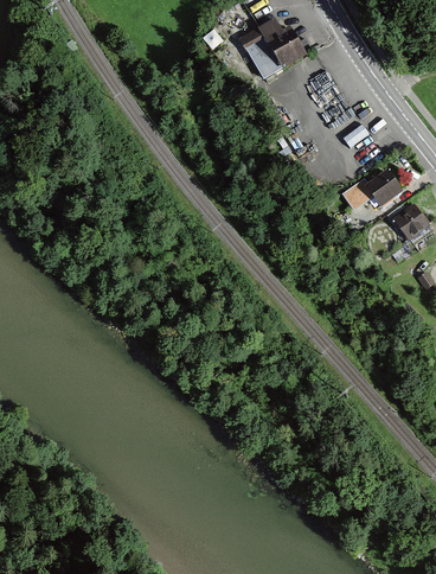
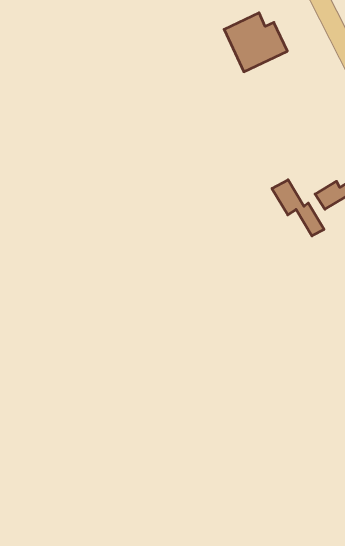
building: none -> [272,180,324,236]

